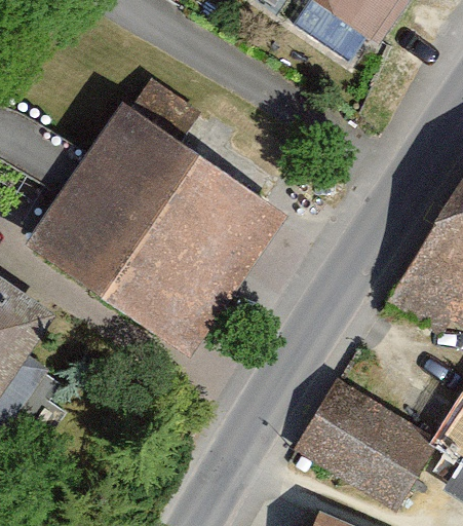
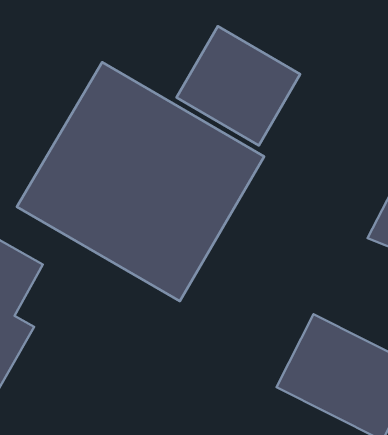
building: none -> [177,26,300,146]

